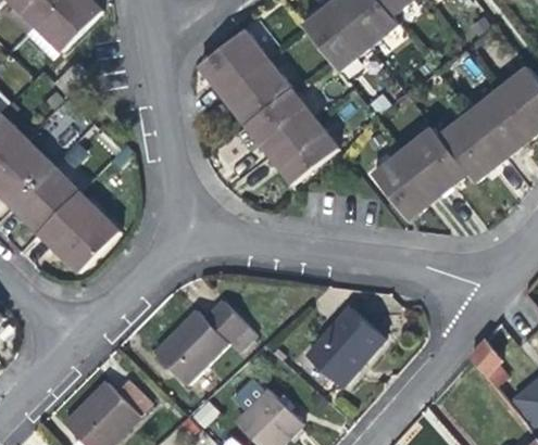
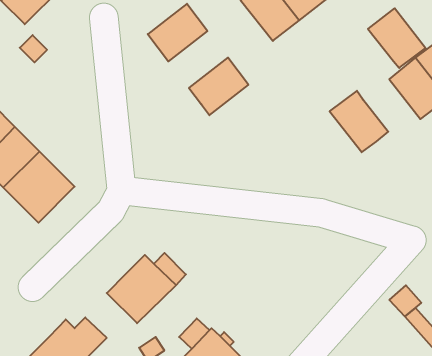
building: [223,60,289,123] -> none
building: [439,113,503,179] -> [368,8,426,68]
building: [268,119,336,183] -> none
building: [372,149,438,218] -> none
building: [309,306,385,384] -> none

